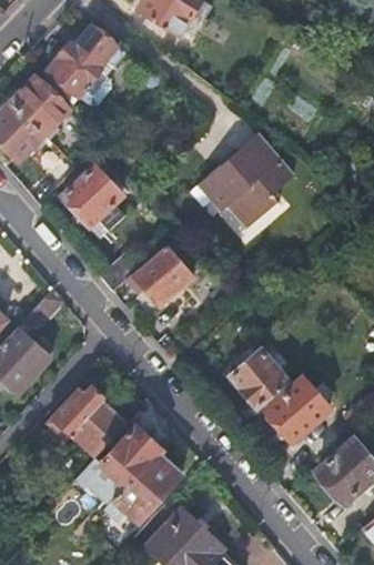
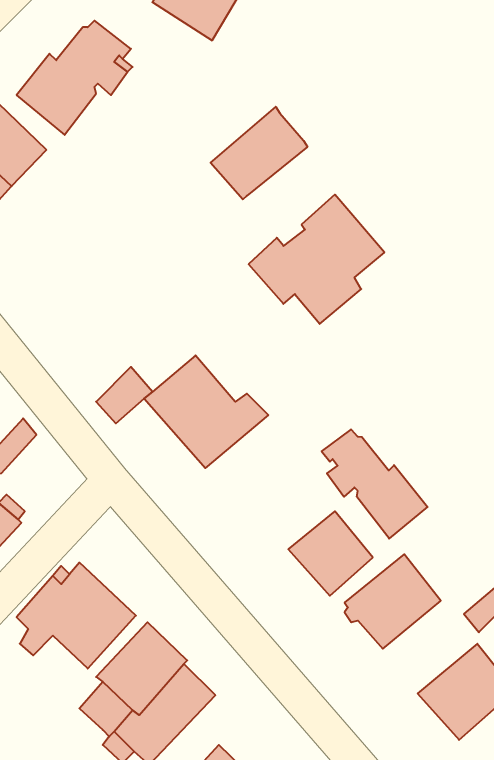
building: none -> [211,107,307,199]
building: [65,168,128,233] -> none
building: none -> [322,429,428,539]

